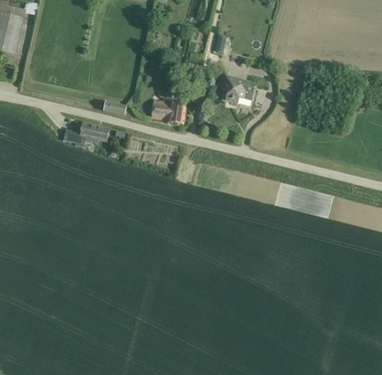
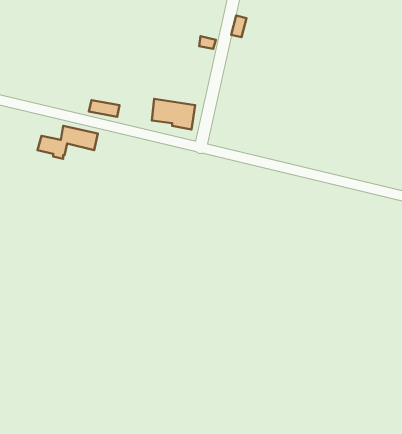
building: [223,76,256,101] -> none

